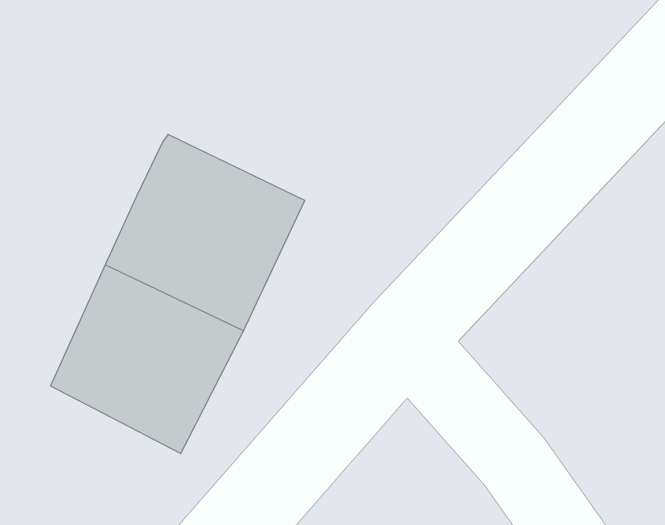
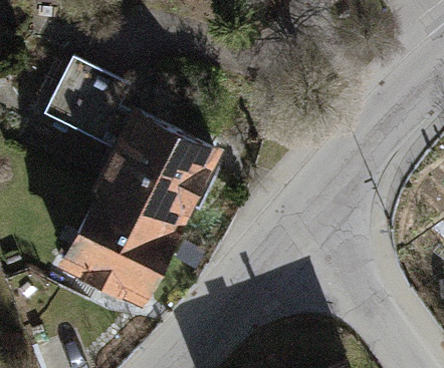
building: none -> [42,58,128,147]

